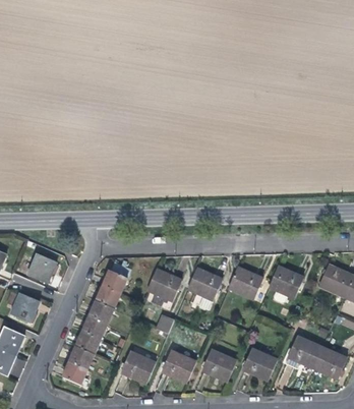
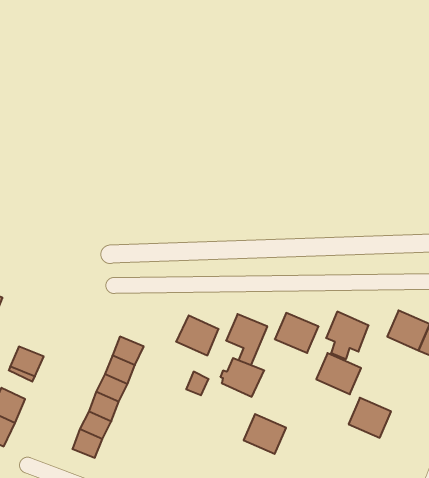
building: [26,254,56,284] -> none
building: [101,270,127,294] -> none
building: [240,347,277,381] -> [316,353,361,394]
building: [312,347,346,379] -> none
building: [120,351,155,384] -> none
building: [160,351,195,383] -> [220,358,264,397]

